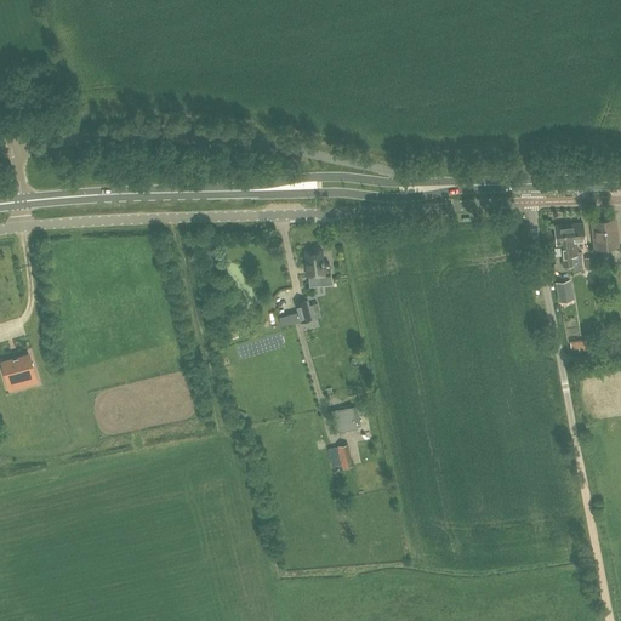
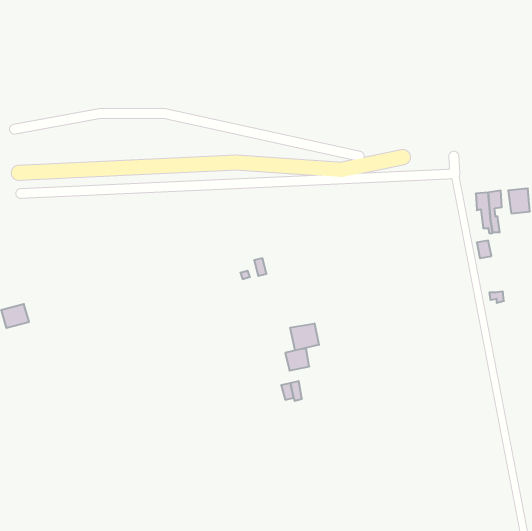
building: [306,249,330,285] -> none
building: none -> [290,323,319,350]

